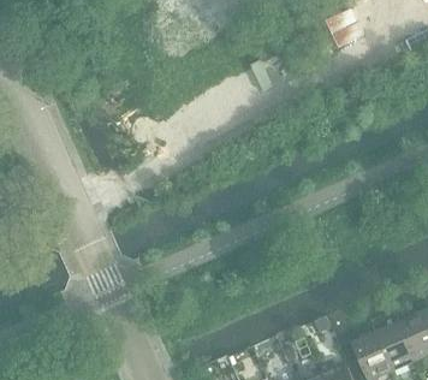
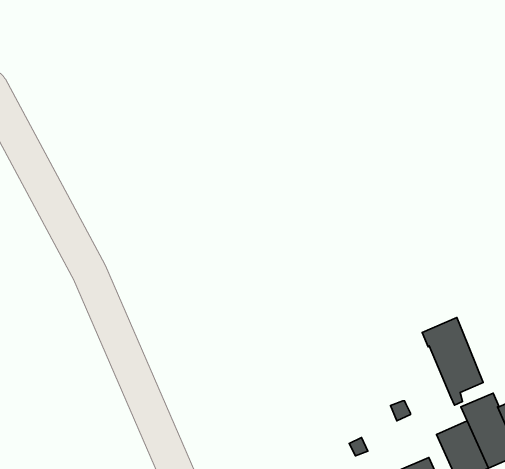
building: none -> [422,317,483,405]

